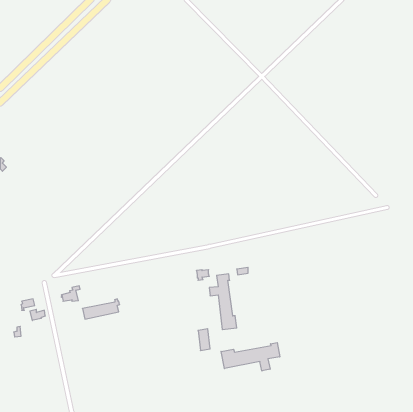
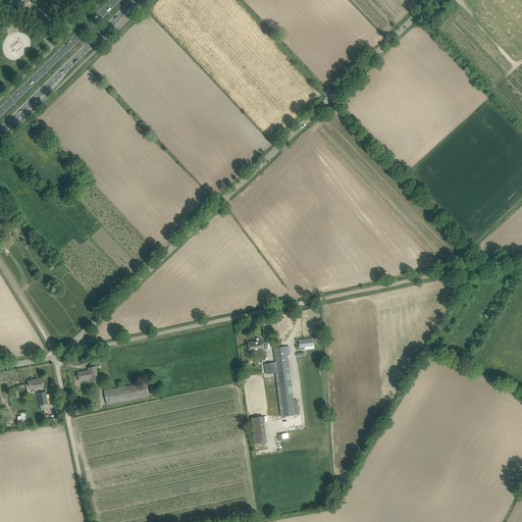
building: [221,343,280,371] -> none

